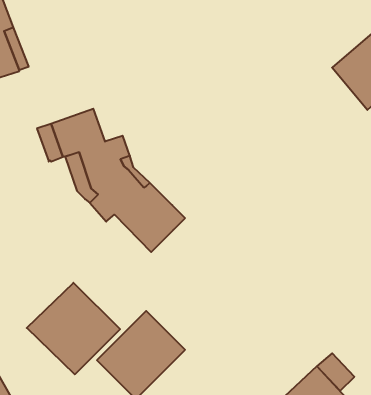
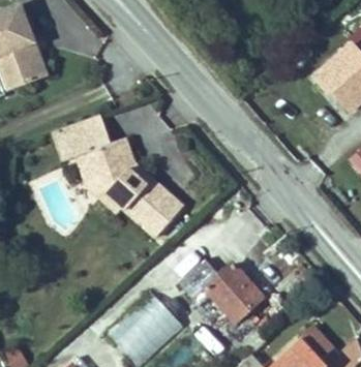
building: none -> [179,262,262,323]
building: [27,283,120,374] -> none

